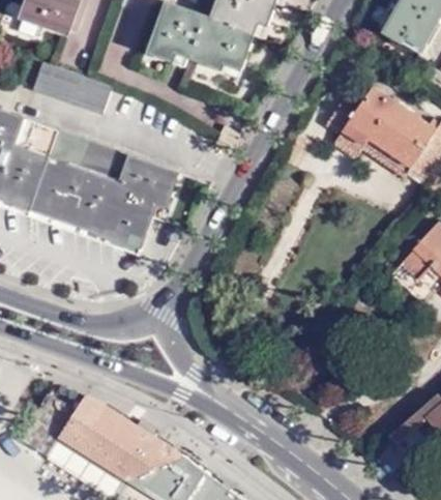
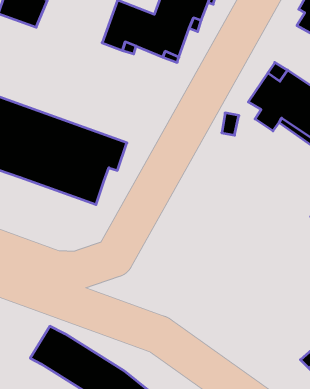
building: [30,62,111,115] -> none

